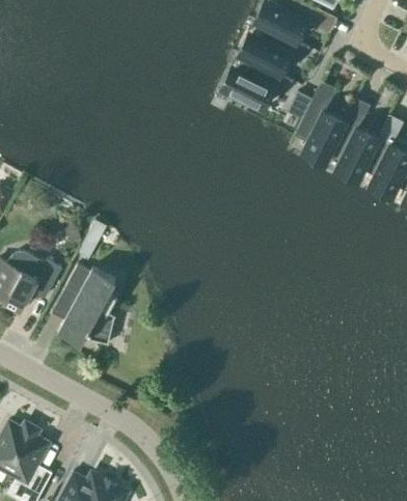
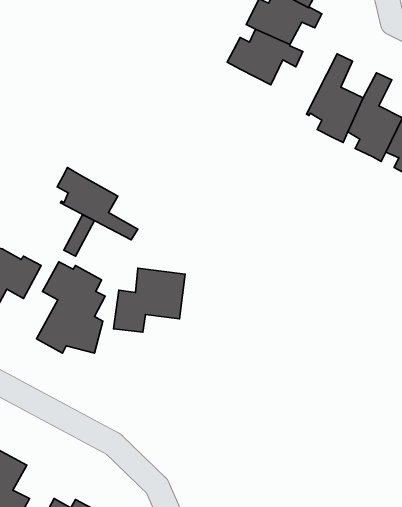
building: none -> [57,168,138,240]
building: none -> [114,268,185,332]

